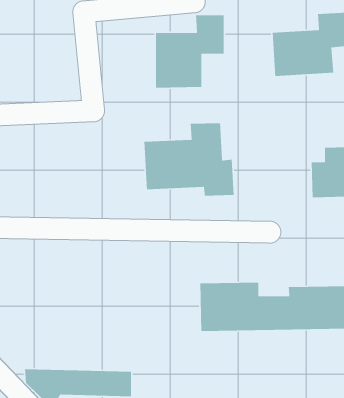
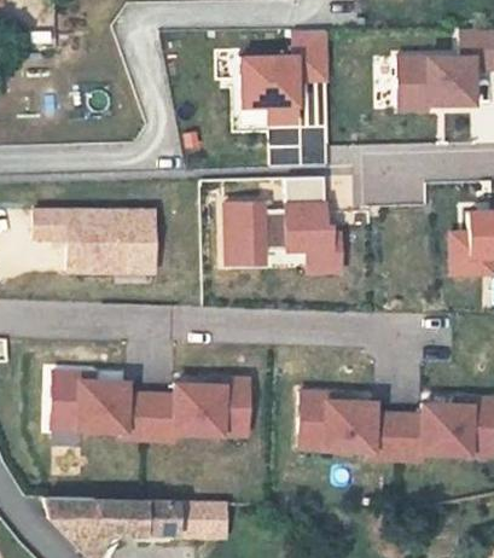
building: none -> [33,205,153,275]
building: none -> [47,370,249,437]

